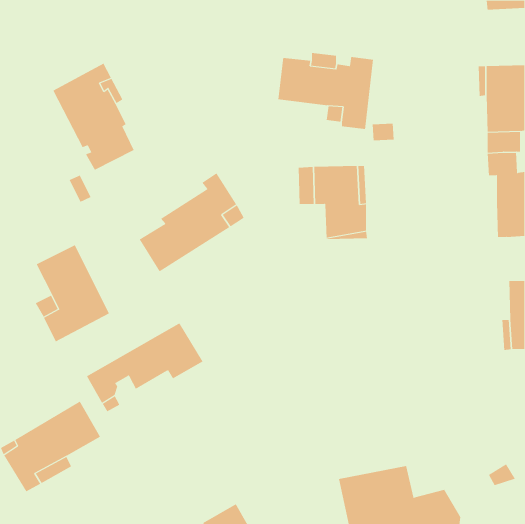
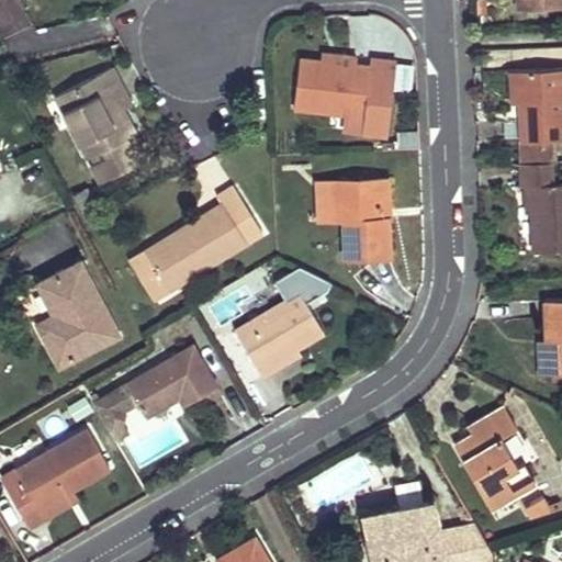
building: none -> [131,235,176,300]
building: none -> [233,268,328,379]
building: none -> [453,407,535,509]

